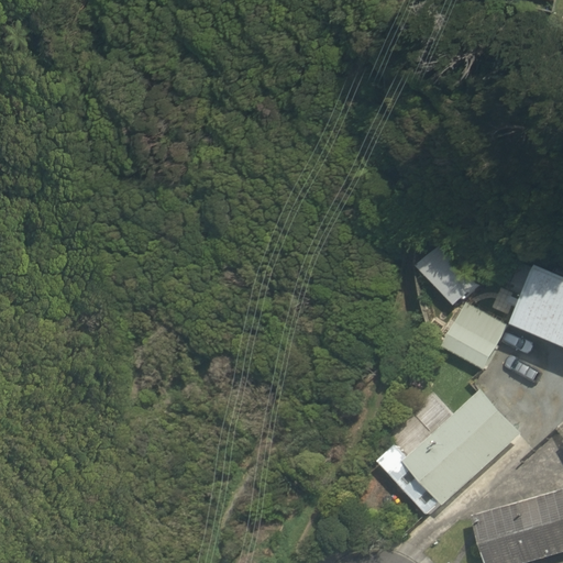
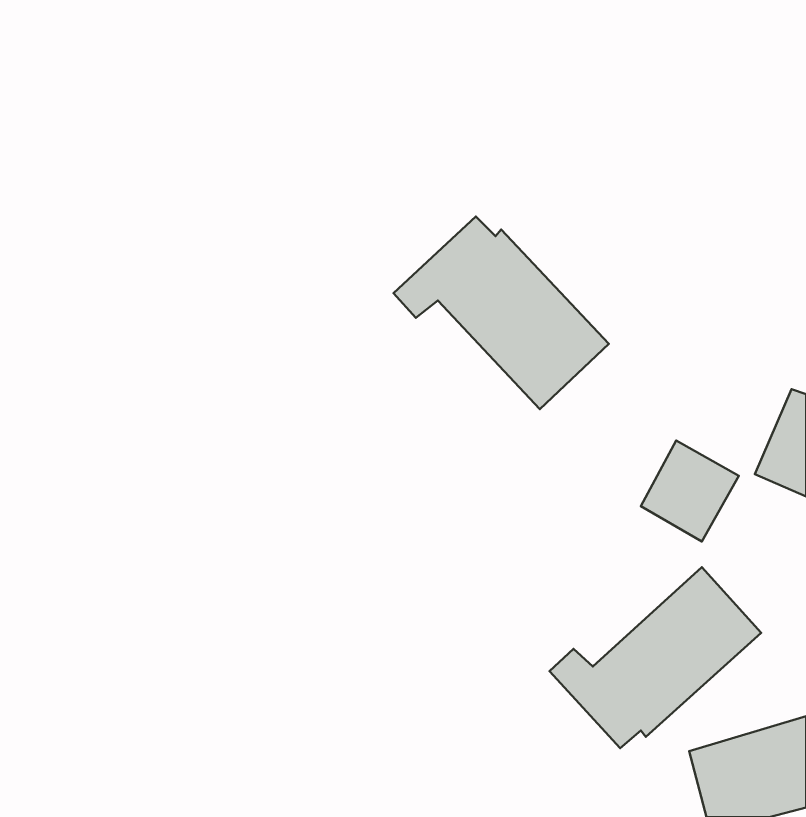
building: none -> [394,217,609,409]
building: [416,244,476,306] -> none

